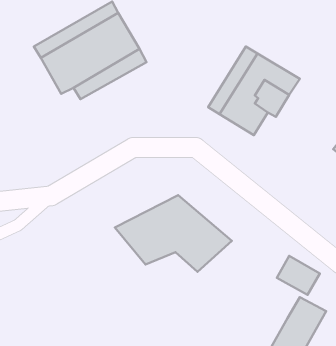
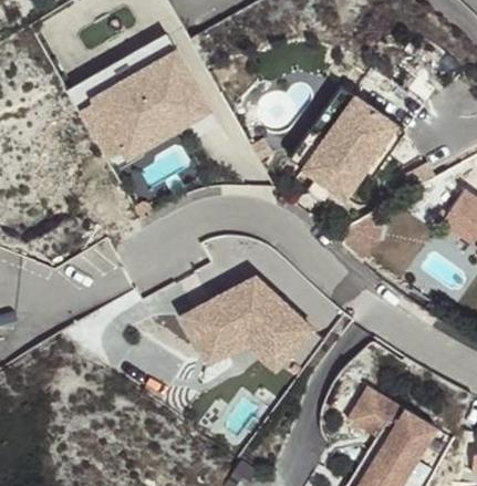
building: [277,256,320,295] -> [349,383,403,432]

